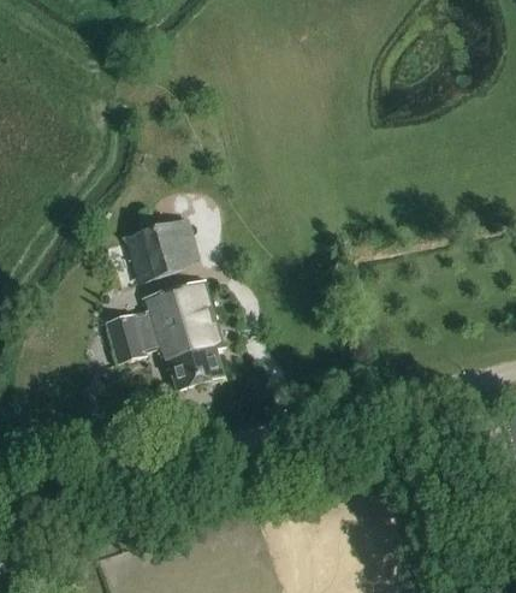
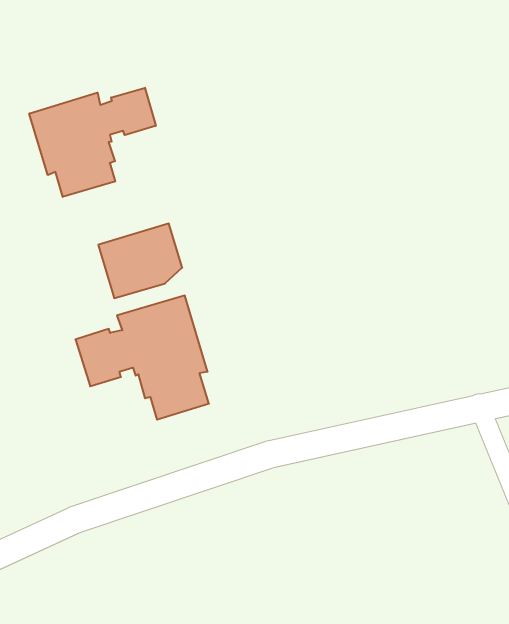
building: none -> [29,88,156,197]

